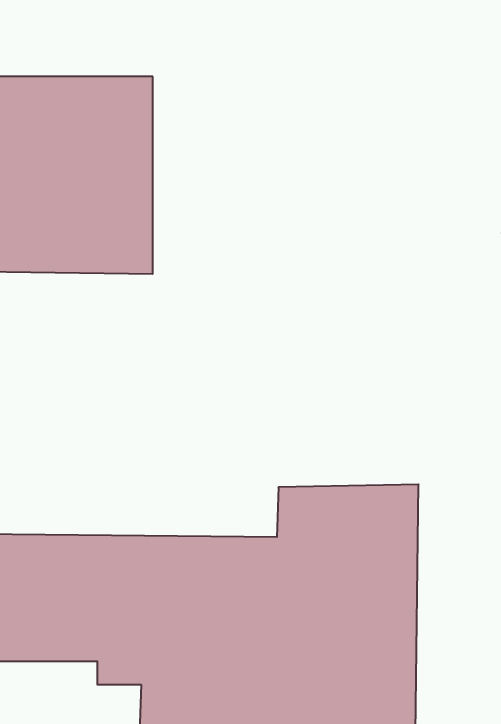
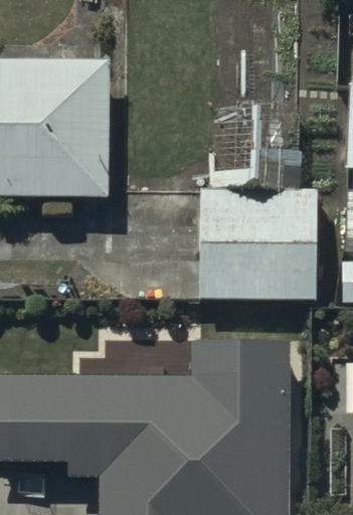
building: none -> [200,188,317,299]

